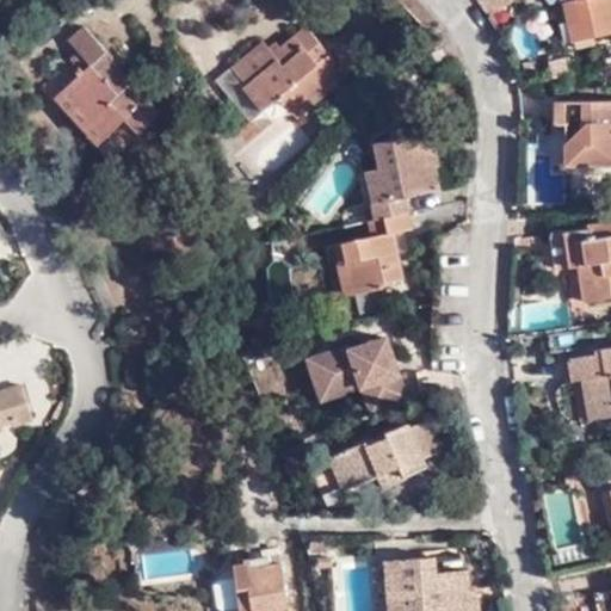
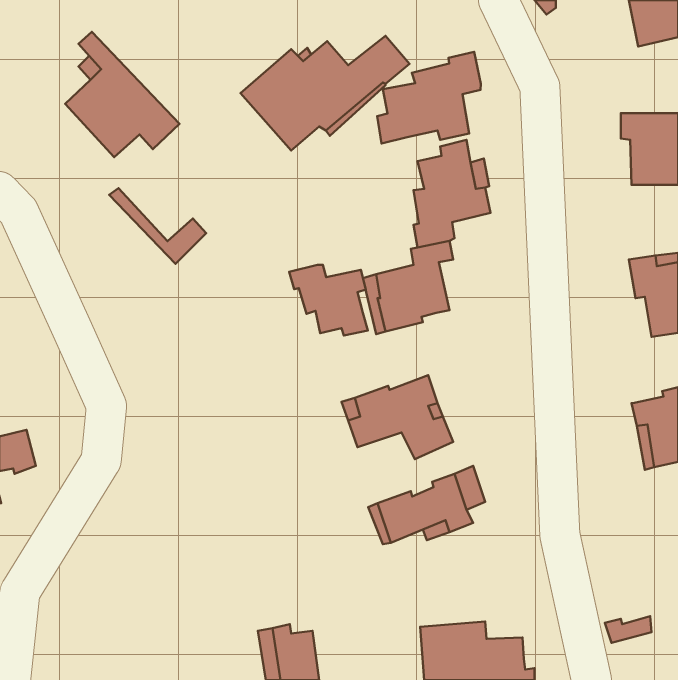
building: none -> [377,52,481,143]
building: [50,93,137,161] -> [109,188,206,264]
building: none -> [289,265,368,335]

